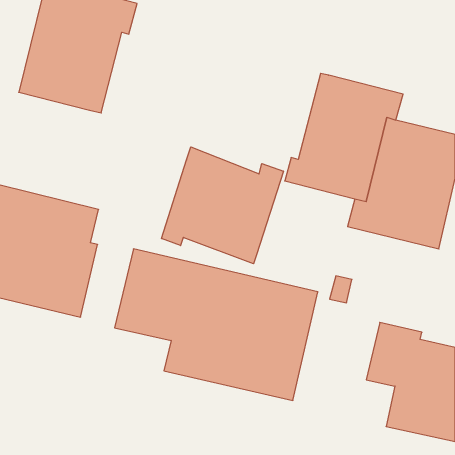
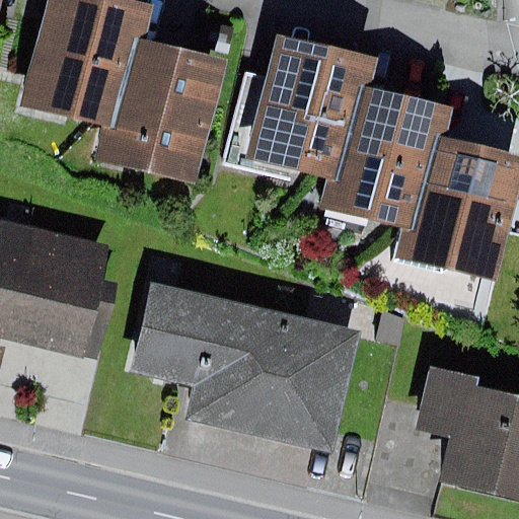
building: none -> [246,31,380,180]
building: none -> [93,36,227,183]
building: [162,147,283,264] -> none

